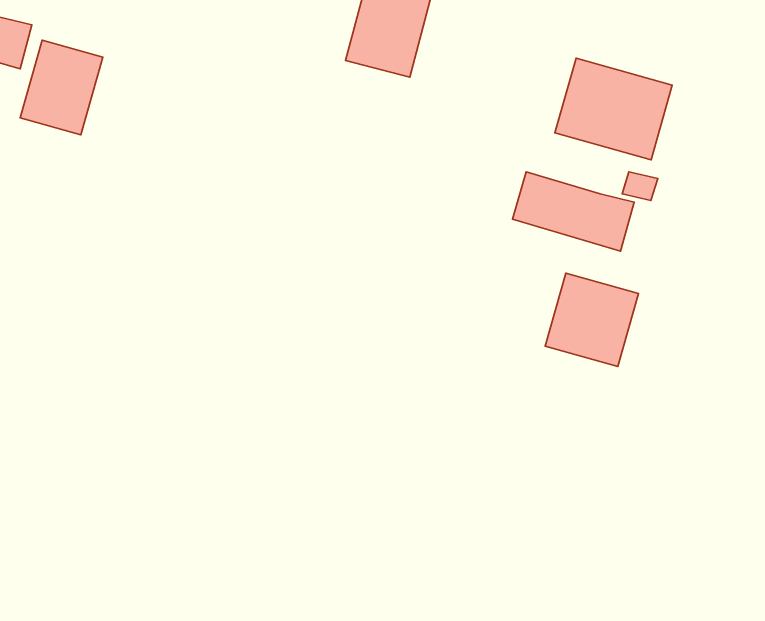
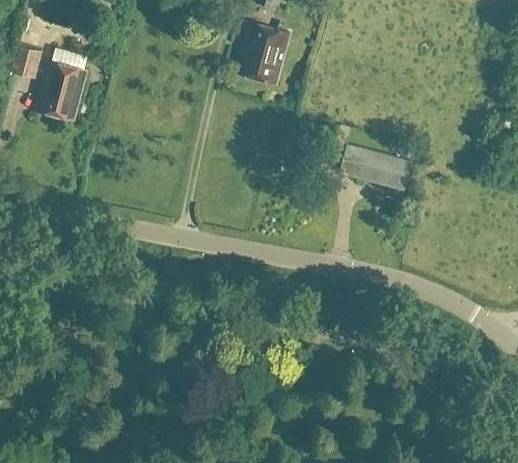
building: [555,58,672,160] -> none
building: [545,273,639,366] -> none

